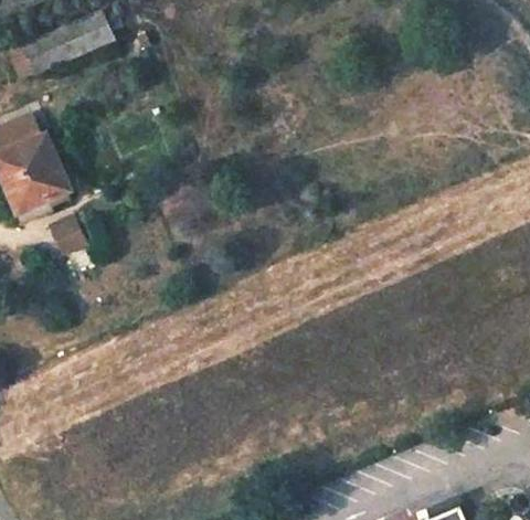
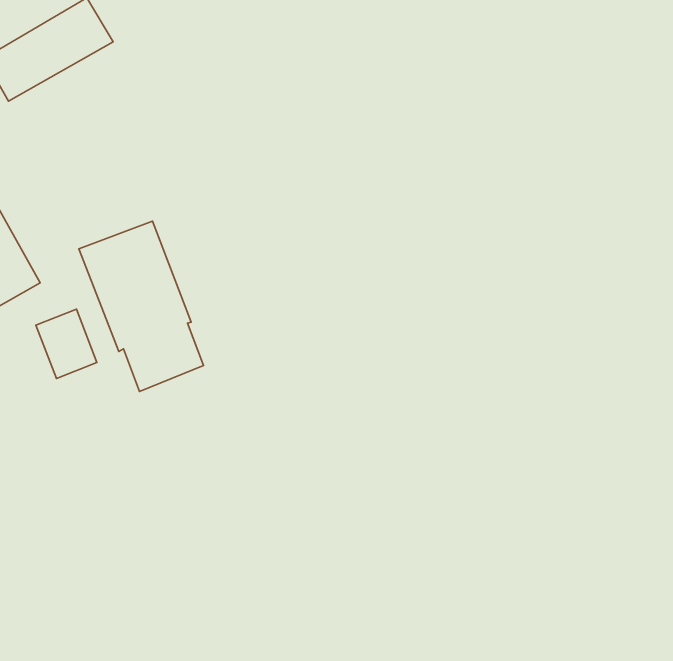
building: none -> [79,221,204,391]

